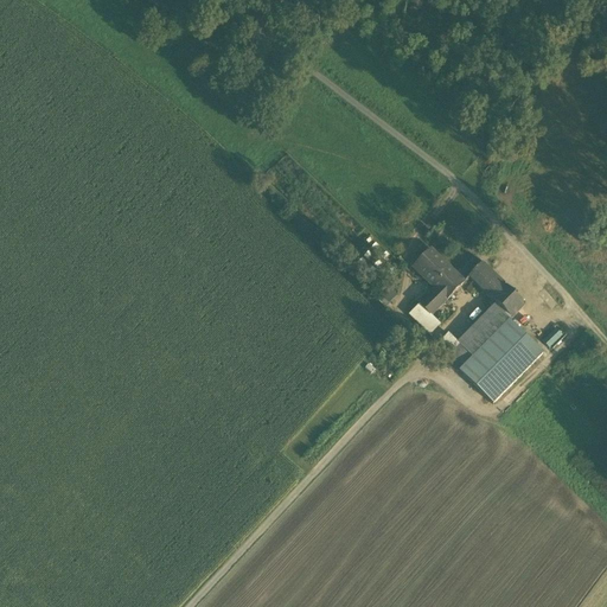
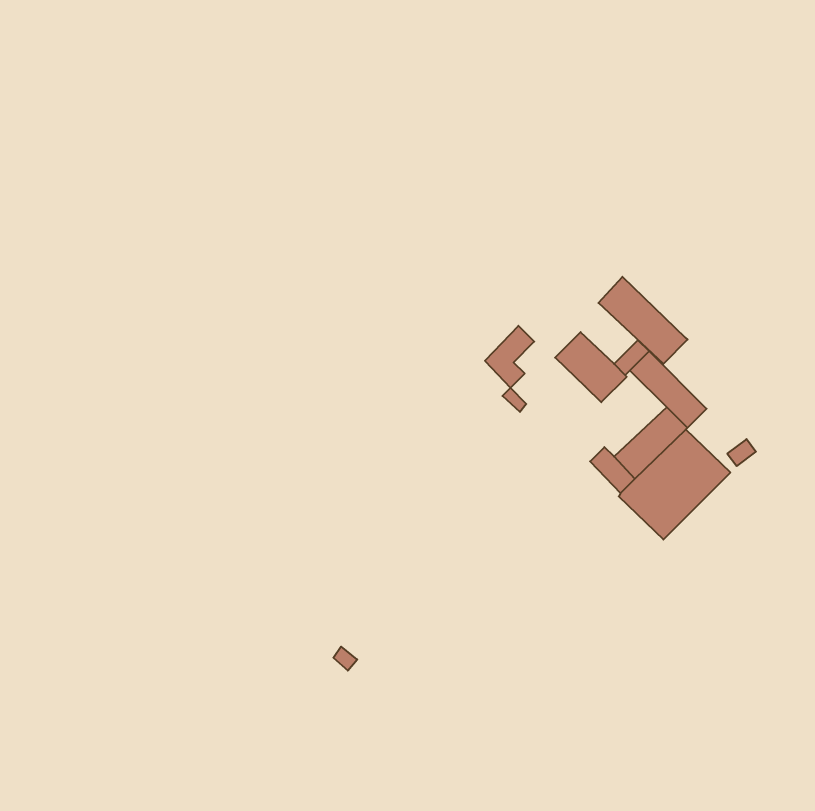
building: none -> [598,277,688,364]
building: [410,287,447,333] -> [485,326,534,388]

